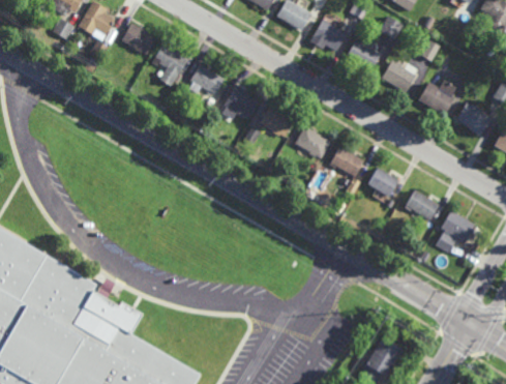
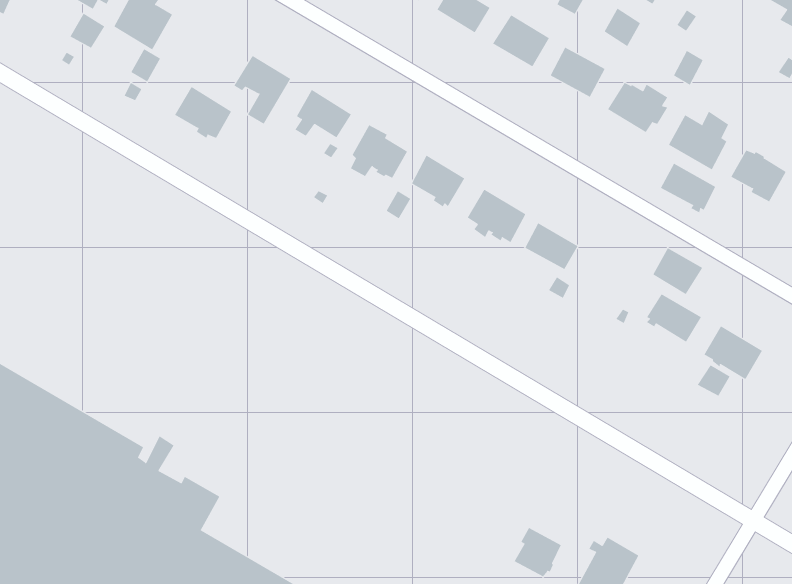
building: [121,22,156,54] -> [174,86,232,139]
building: none -> [660,163,716,213]
building: [367,167,398,196] -> [652,247,703,295]
building: none -> [514,527,561,577]

